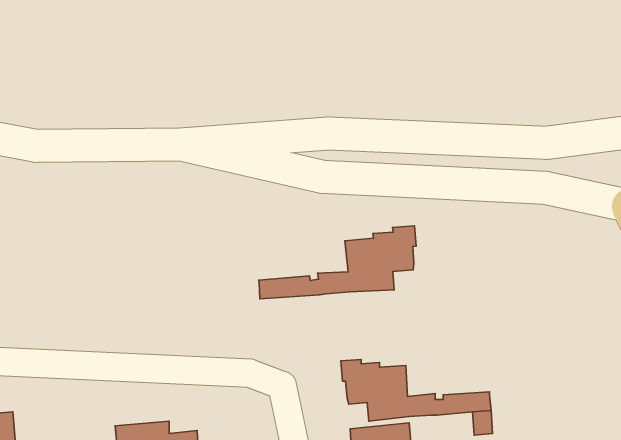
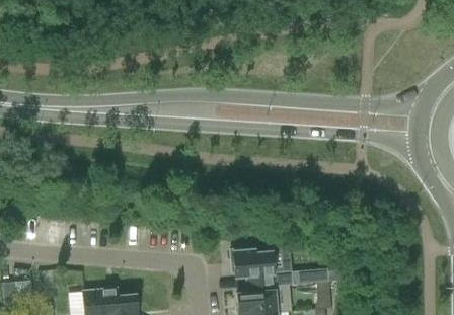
building: [259,226,416,299] -> none

